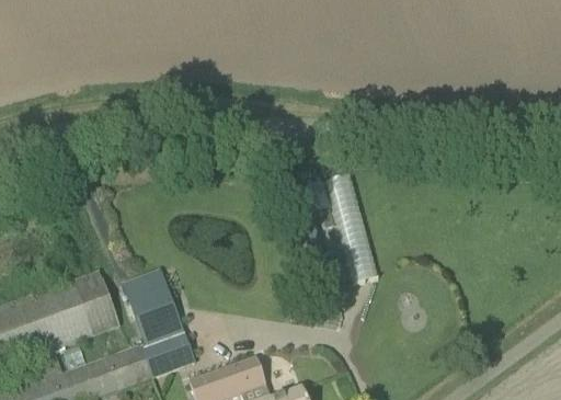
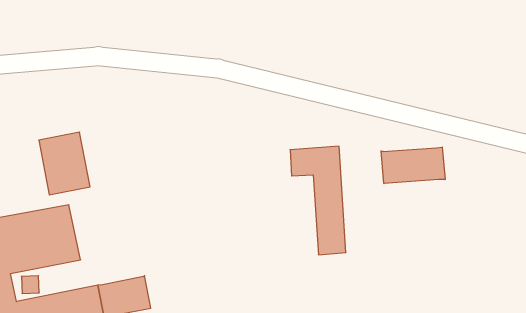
building: none -> [381,147,445,184]
building: [125,277,182,343] -> [39,132,90,195]

